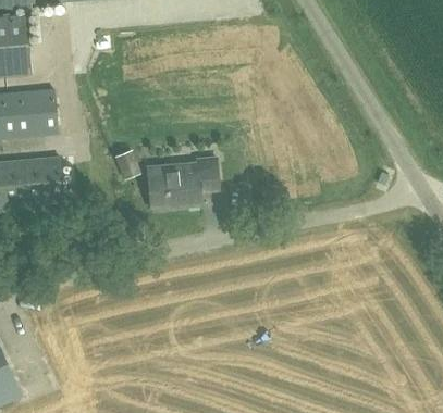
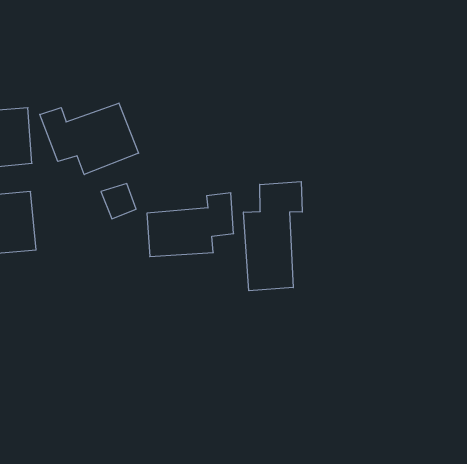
building: none -> [40,103,139,175]
building: none -> [244,182,302,291]

